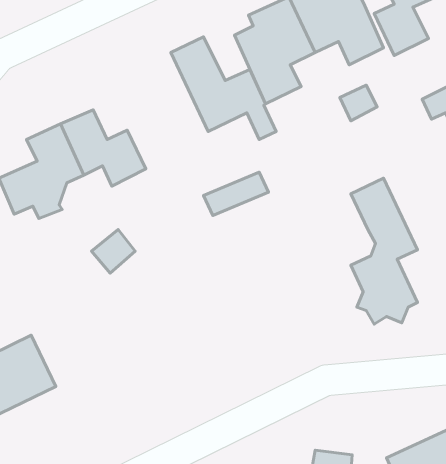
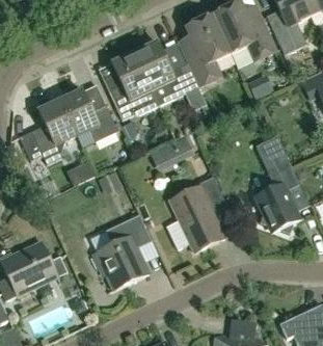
building: none -> [109,52,160,118]
building: none -> [166,176,226,251]
building: none -> [93,214,152,290]

